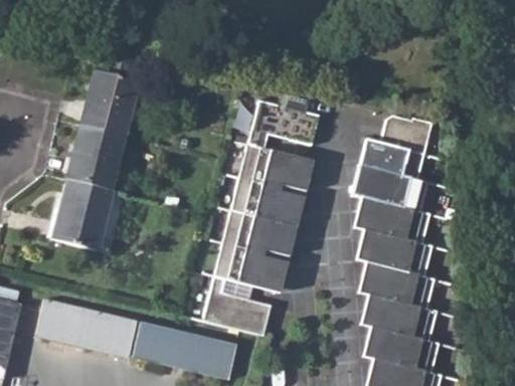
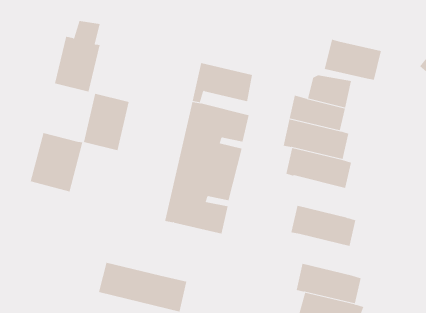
building: none -> [324,39,381,80]
building: [73,118,127,184] -> [83,93,130,151]
building: [355,223,432,271] -> none
building: [203,275,271,335] -> none
building: [361,291,437,338] -> none
building: [41,300,141,356] -> none

